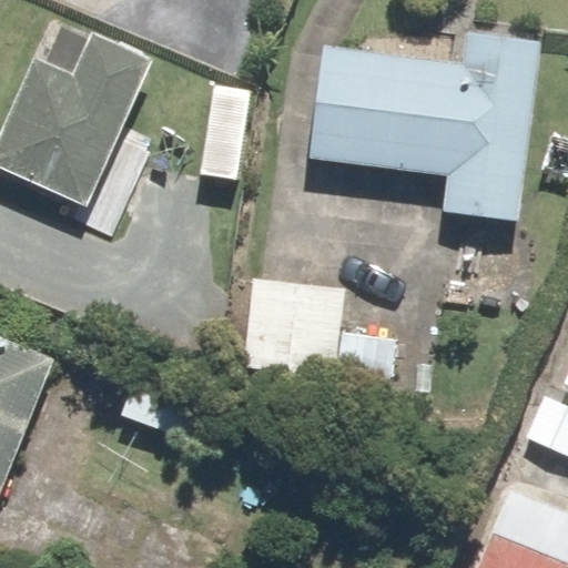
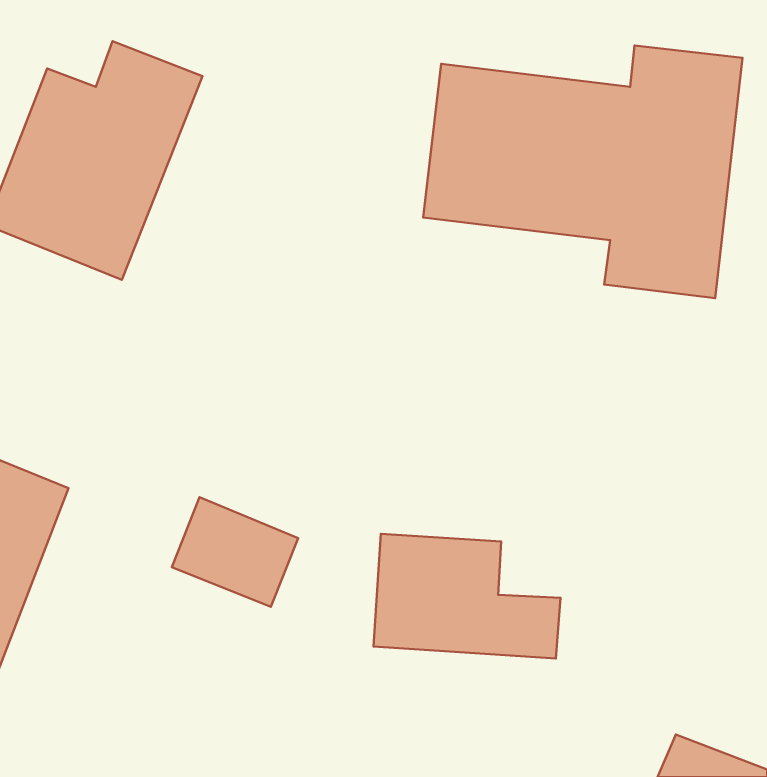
building: [246,285,383,376] -> [373,534,561,659]

